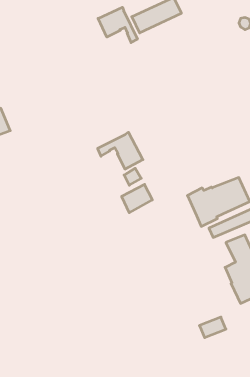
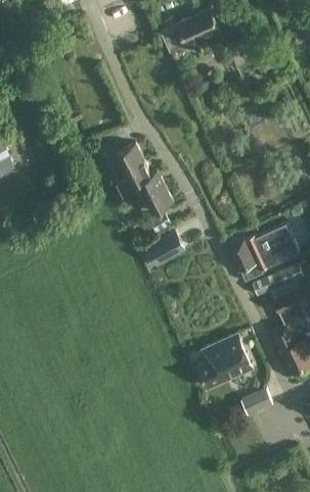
building: [98,7,137,43] -> none
building: none -> [114,143,151,190]
building: none -> [195,335,247,389]

